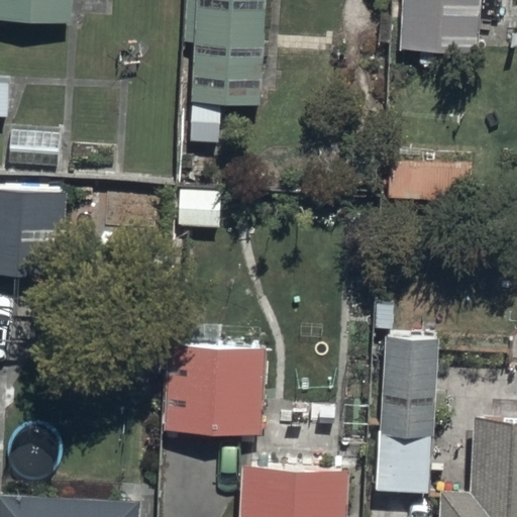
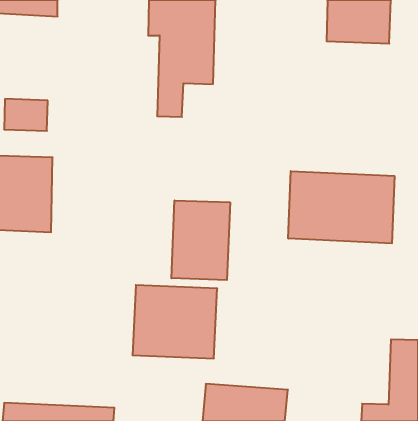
building: none -> [288,171,394,243]
building: none -> [171,200,230,280]
building: [372,327,433,484] -> none

